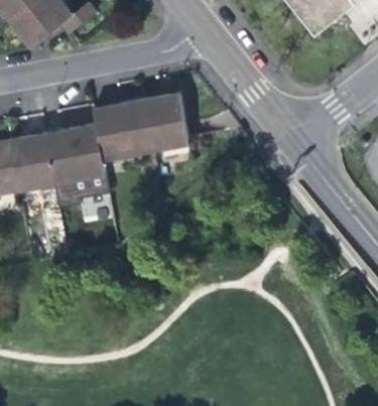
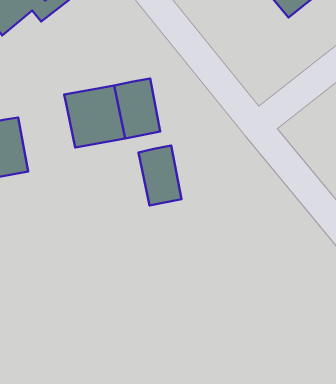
building: [45,122,106,185] -> none
building: none -> [138,146,182,205]

